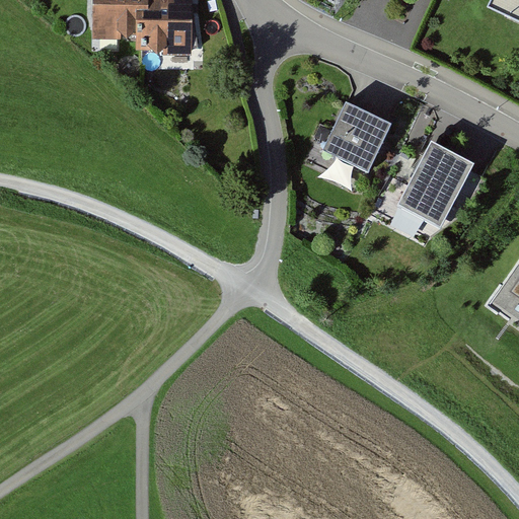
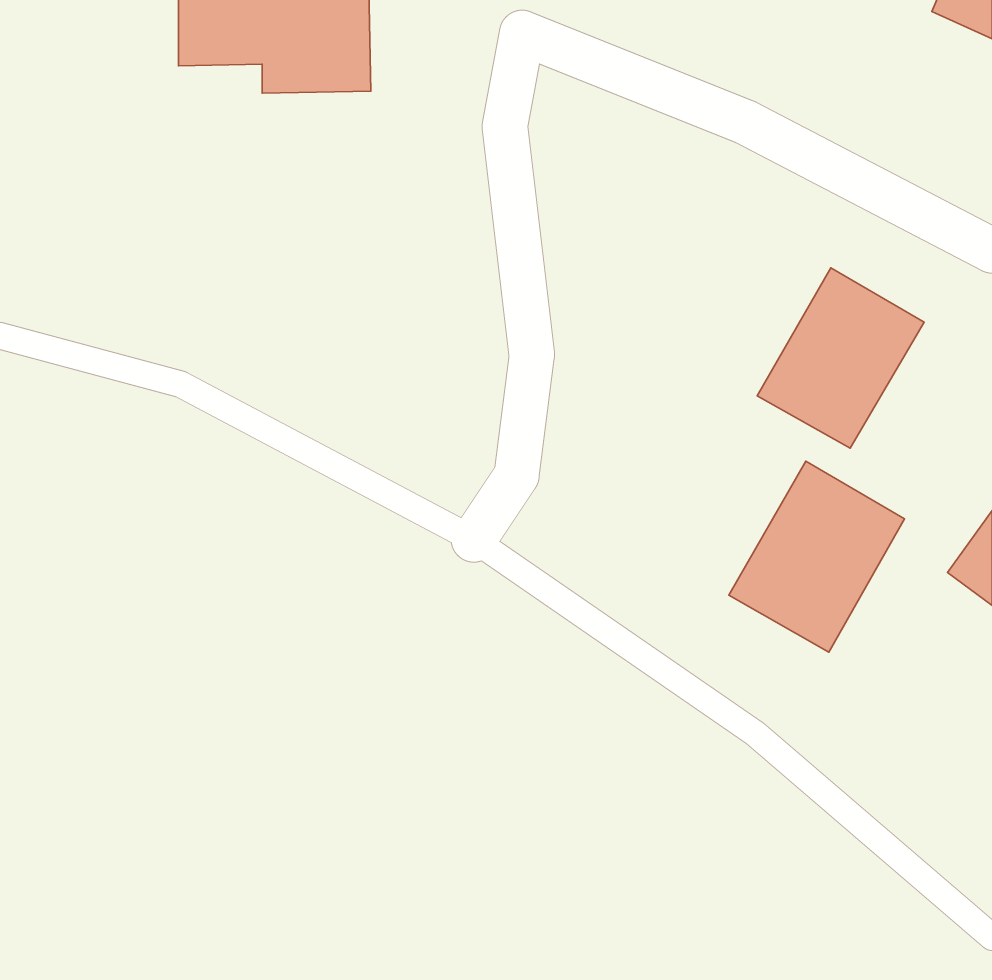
building: [322,101,388,168] -> none
building: none -> [729,461,904,652]

